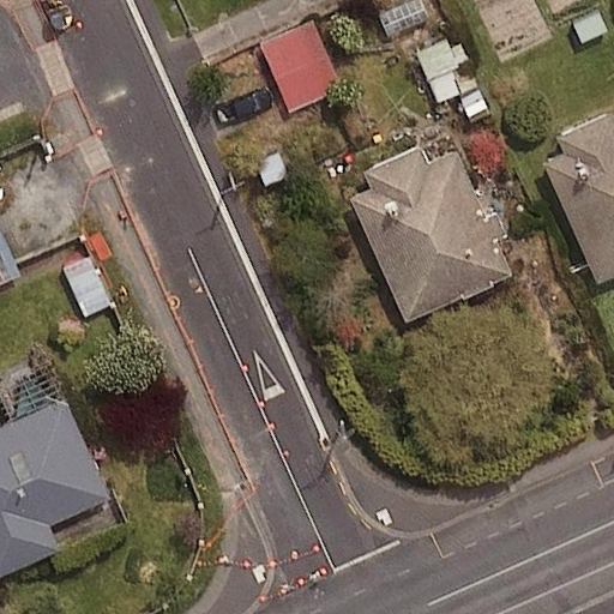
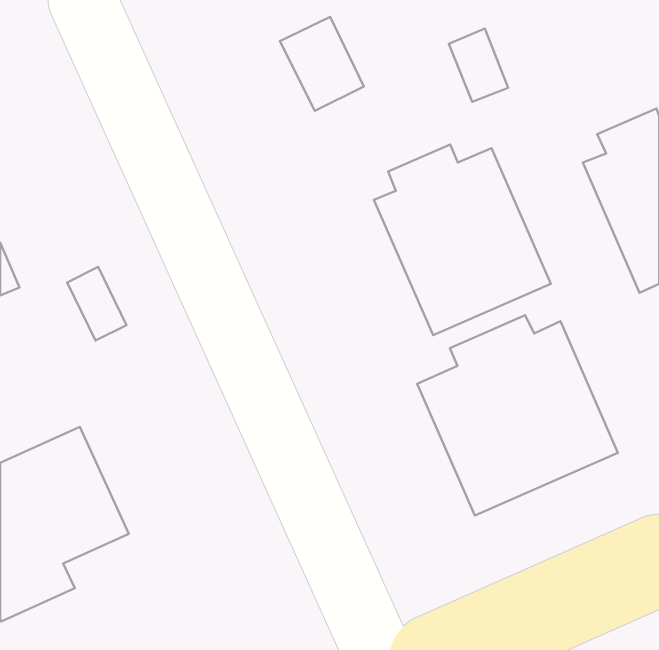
building: none -> [417,315,618,515]

